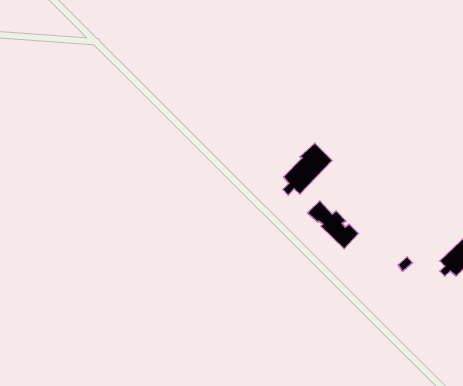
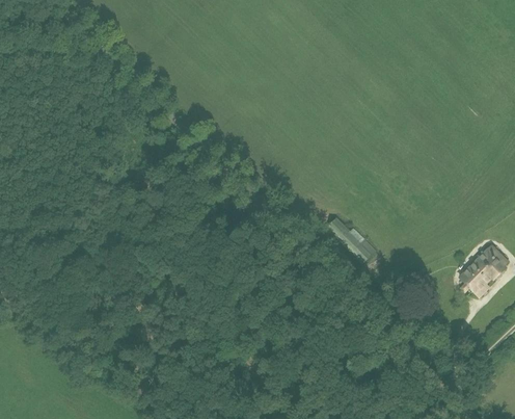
building: [283,143,332,195] -> none

